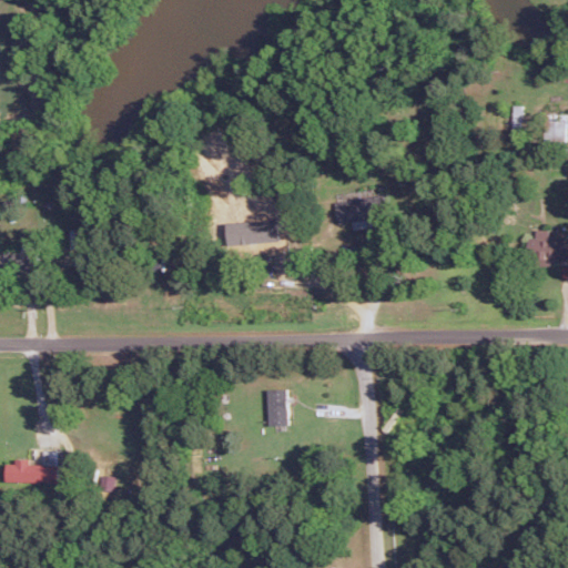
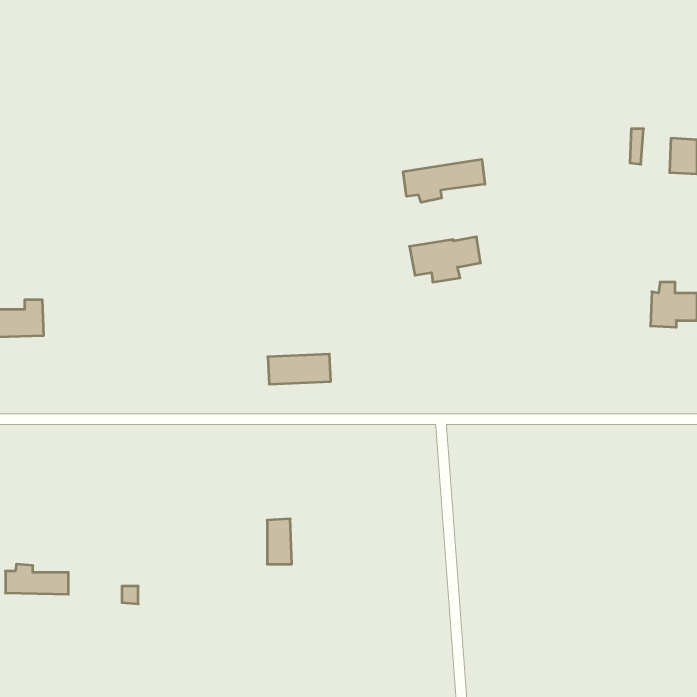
building: none -> [403,159,485,202]
building: [226,221,277,245] -> [268,354,331,384]
building: [268,389,288,426] -> [267,519,292,564]

